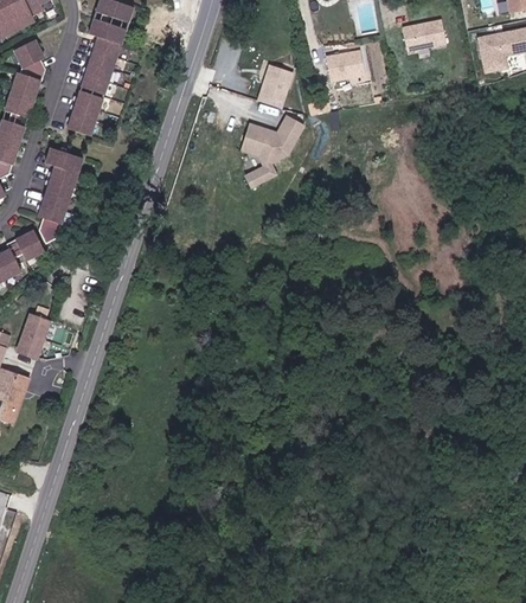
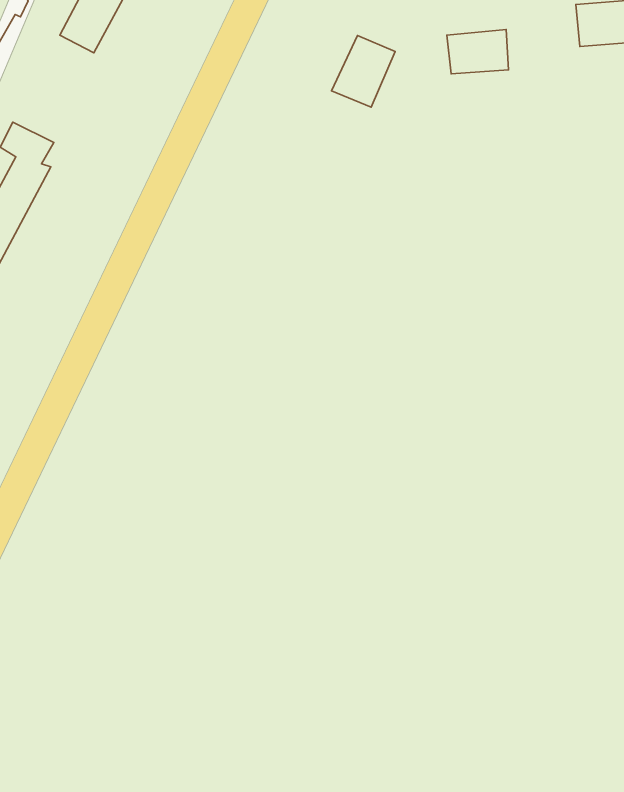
building: [62,92,97,139] -> none
building: [237,114,302,188] -> none

